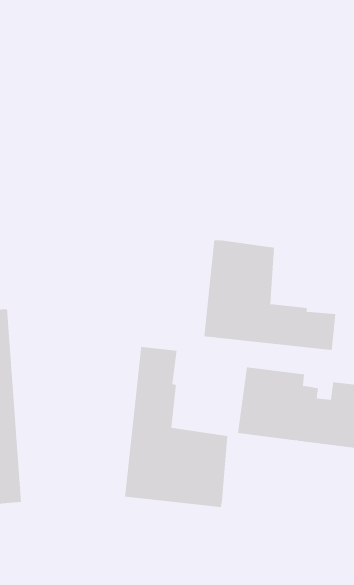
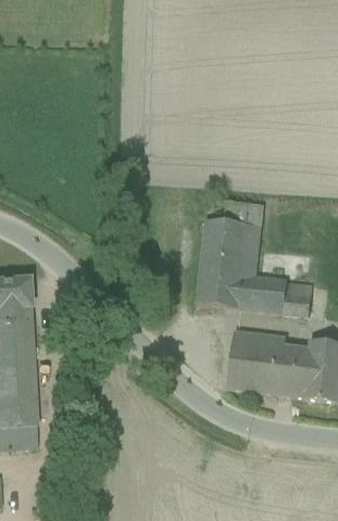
building: [125,346,228,508] -> none

